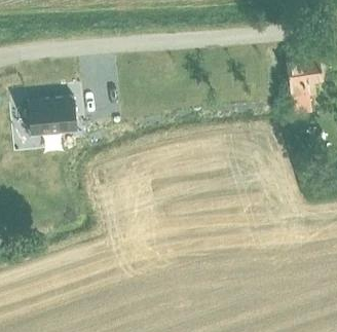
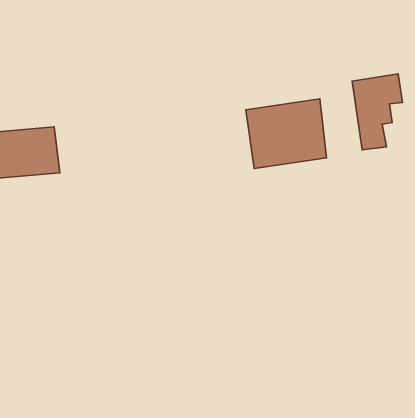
building: none -> [246,99,327,168]

